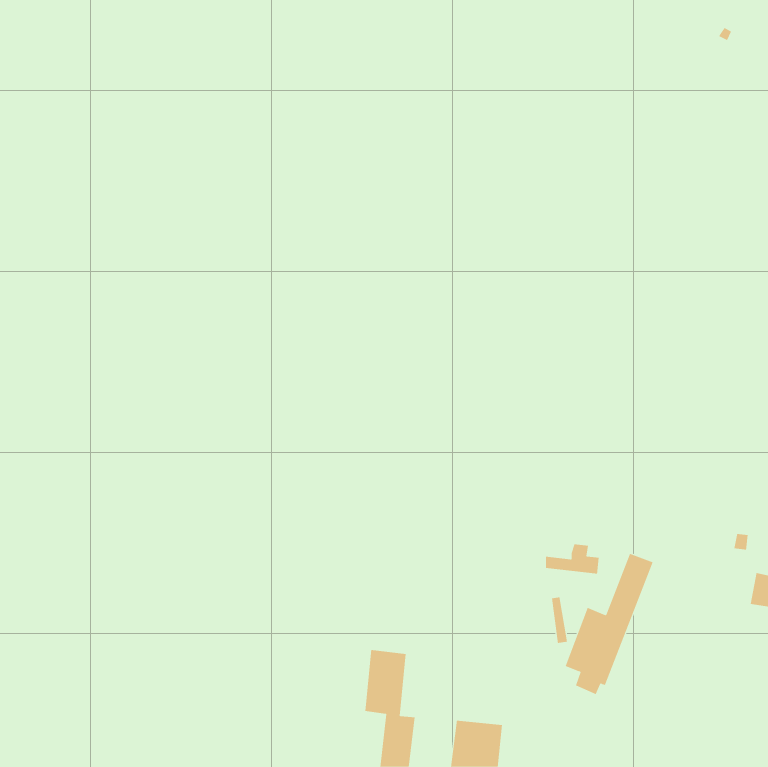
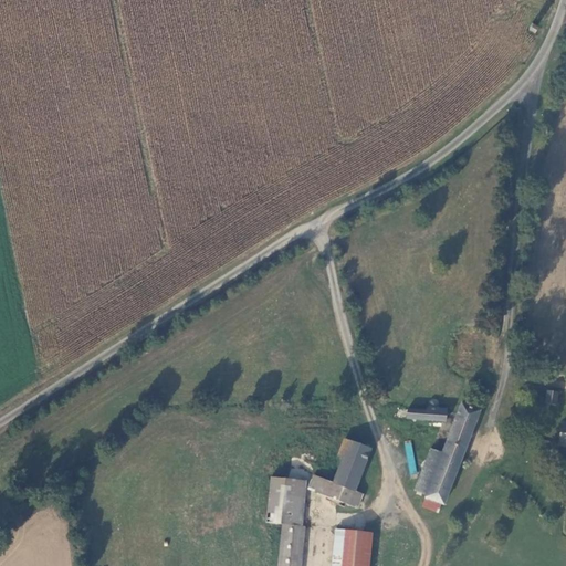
building: none -> [310,437,373,506]

